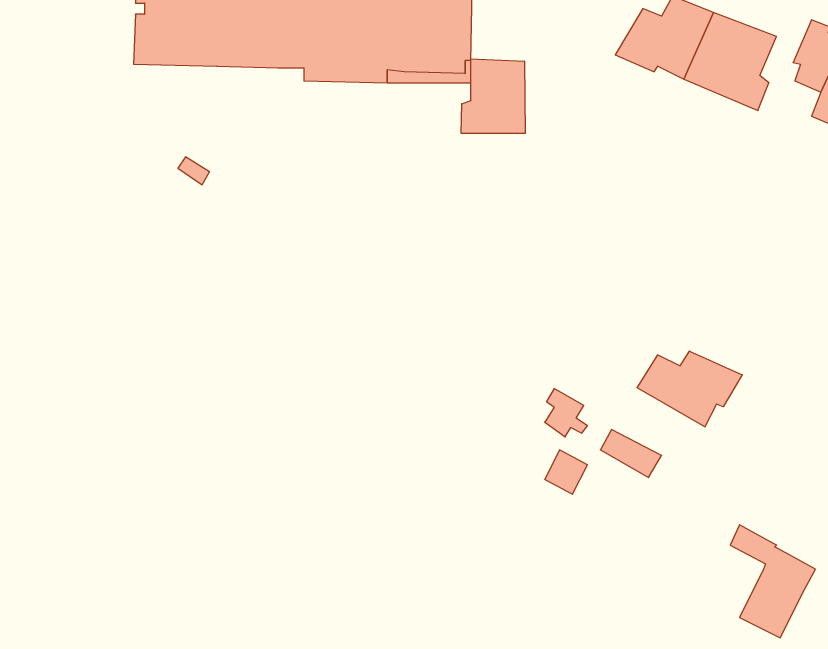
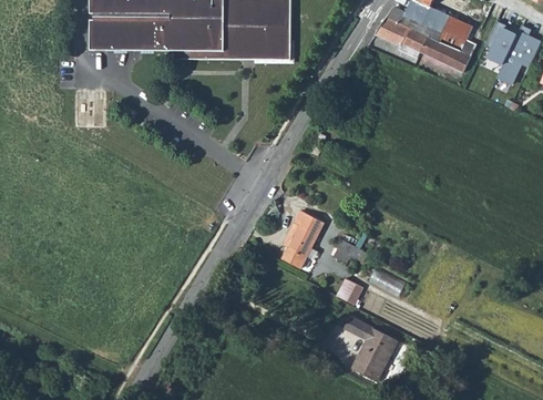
building: [461,59,525,133] -> none
building: none -> [281,213,327,270]
building: [637,351,742,427] -> none
building: [730,525,815,638] -> [348,319,399,387]

